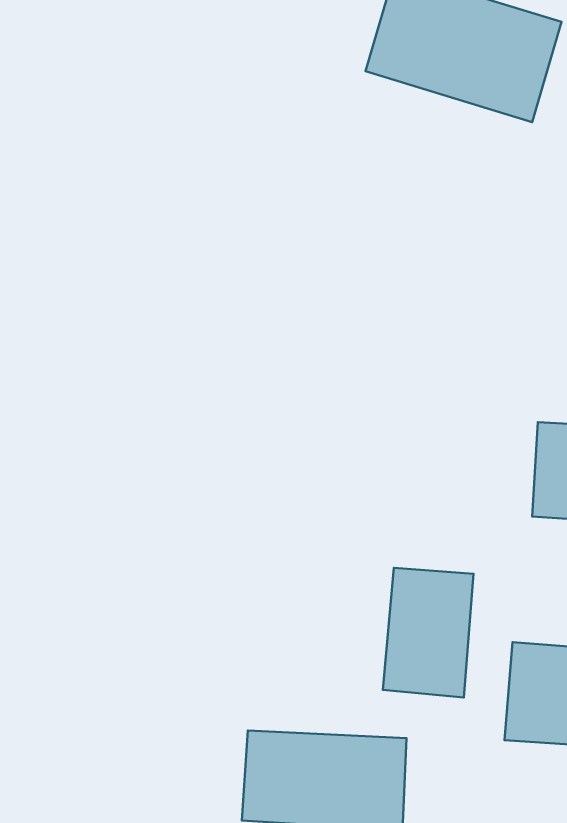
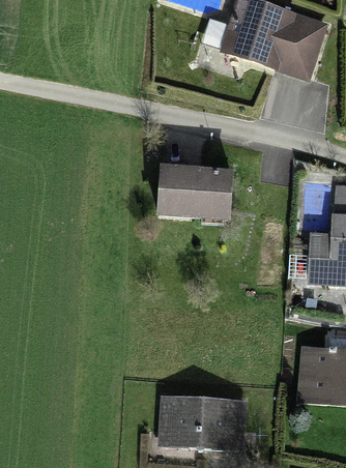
building: none -> [158,169,232,222]
building: [383,568,473,697] -> none

